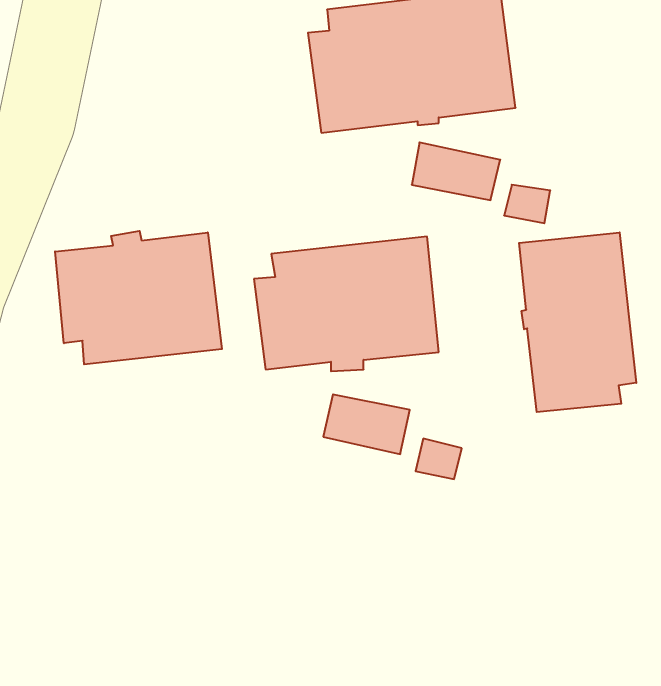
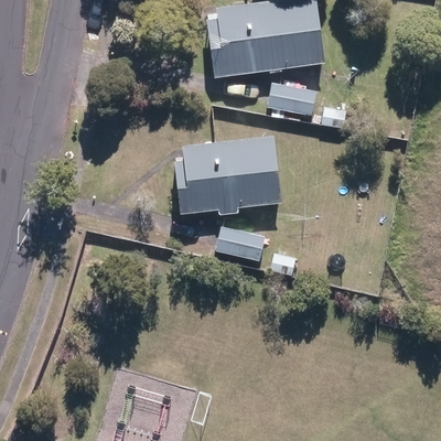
building: [55,231,222,364] -> none
building: [519,232,636,412] -> none

